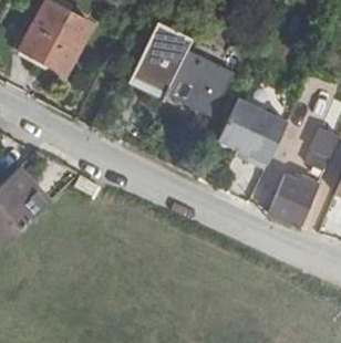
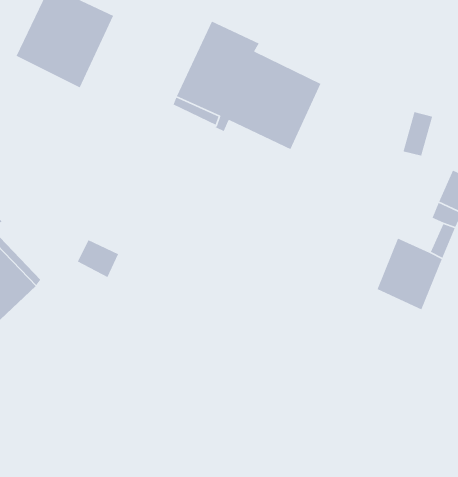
building: [221,97,288,166] -> none

